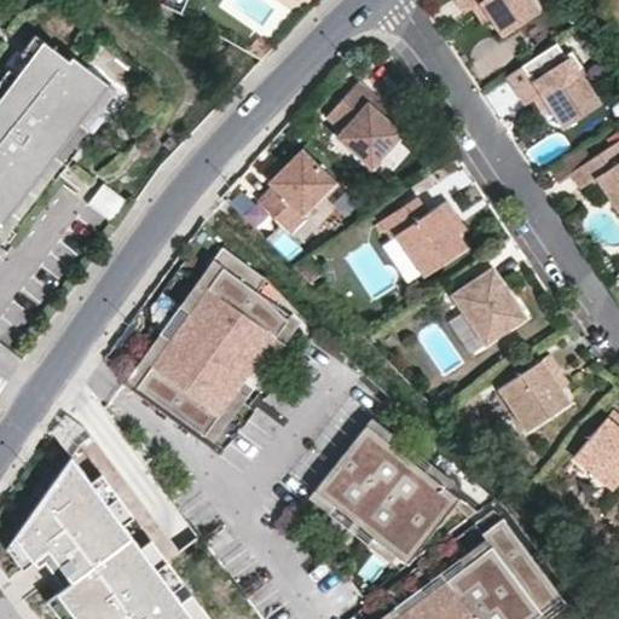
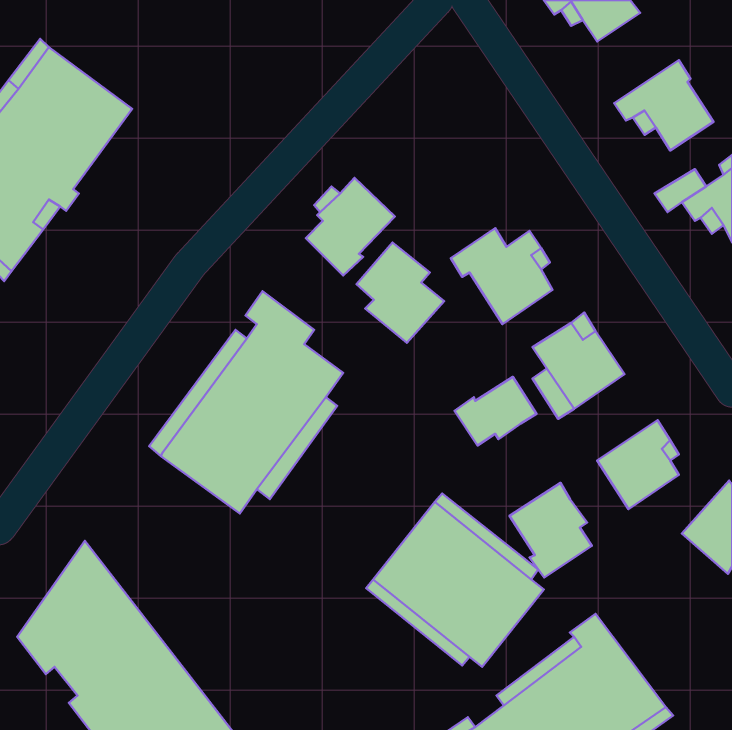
building: [326,83,400,168] -> [357,243,444,343]
building: none -> [454,377,536,445]
building: none -> [510,483,592,578]

